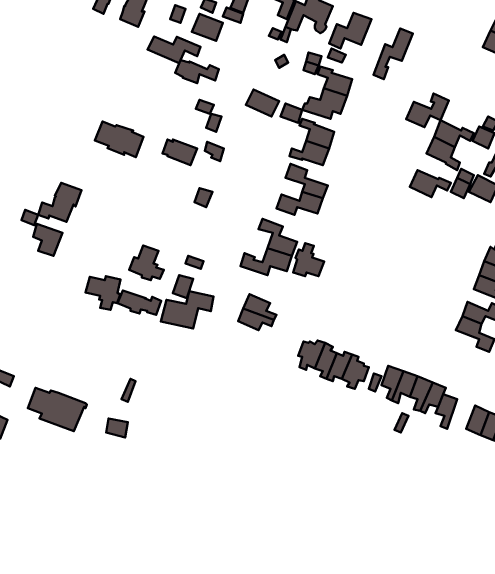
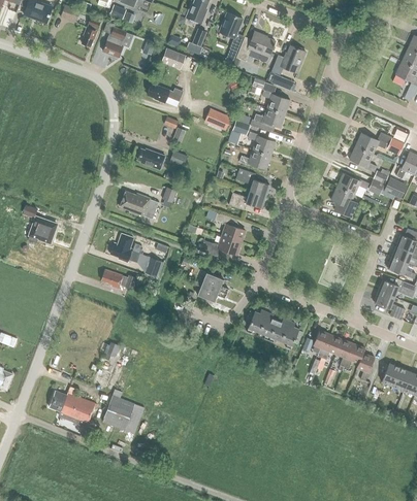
building: [373,29,413,79] -> none
building: [148,36,200,63] -> none
building: [406,94,449,127] -> none
building: [95,121,143,157] -> [119,190,158,219]
building: [38,183,81,222] -> none
building: none -> [330,186,357,216]
building: [293,243,324,276] -> none
building: [85,276,121,310] -> none
building: [161,291,213,329] -> none
building: [28,388,87,431] -> [49,390,96,425]
building: none -> [101,388,143,433]

